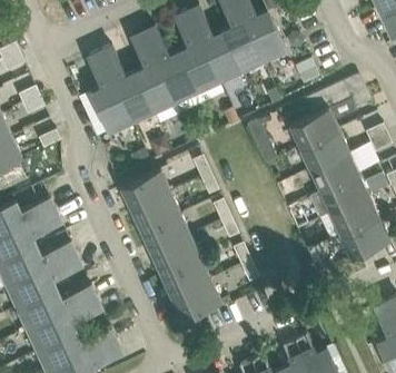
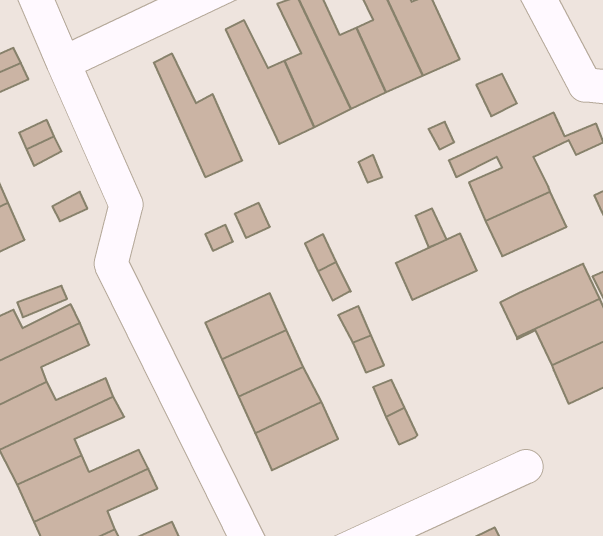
building: [131,33,176,112] -> none
building: [88,53,131,132] -> none
building: [310,153,359,193] -> [396,234,477,300]
building: [120,170,170,210] -> none
building: [171,281,221,322] -> none

